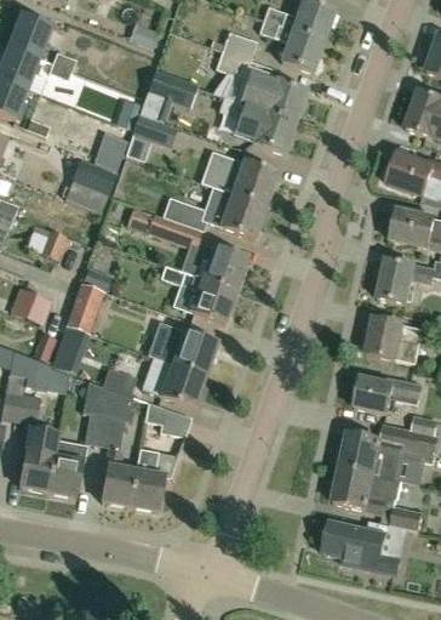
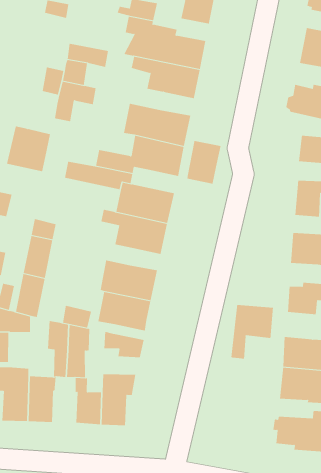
building: [92,131,128,172] -> none
building: none -> [187,140,221,184]
building: none -> [231,304,273,360]

